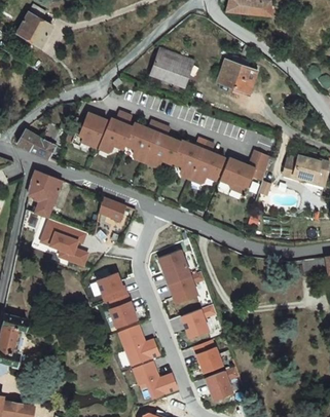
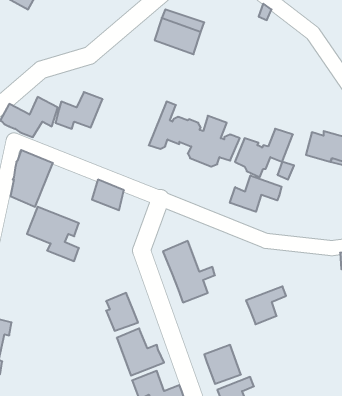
building: [219,54,255,91] -> none
building: [98,115,158,164] -> none
building: none -> [230,175,282,212]
building: [96,273,126,302] -> none
building: [181,304,216,337] -> [246,286,286,324]

